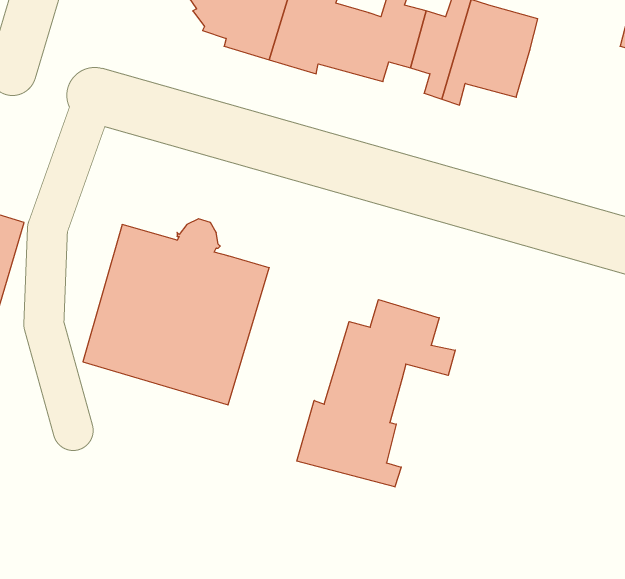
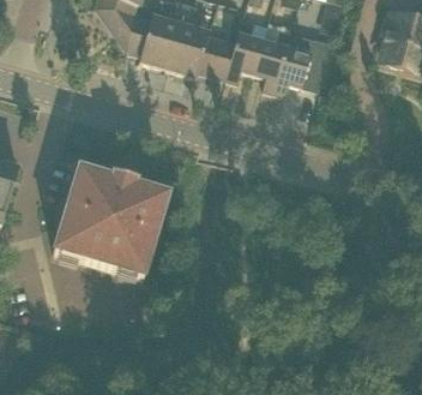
building: [297,300,455,487] -> none

